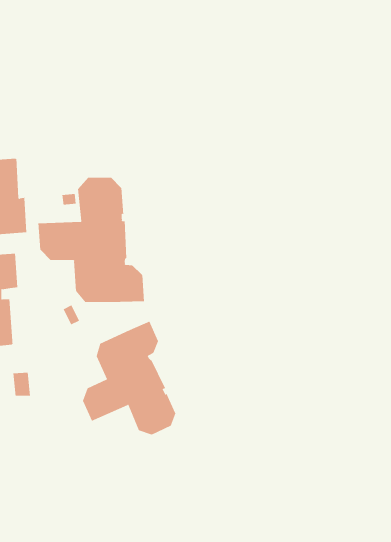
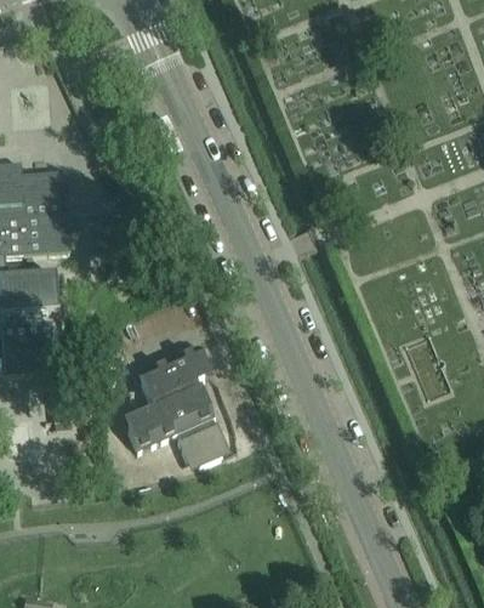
building: [38,177,145,303] -> none

